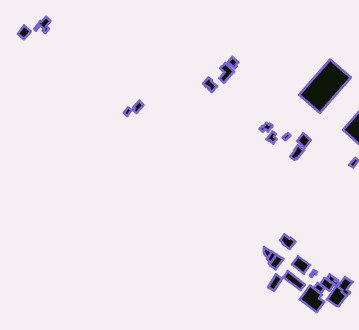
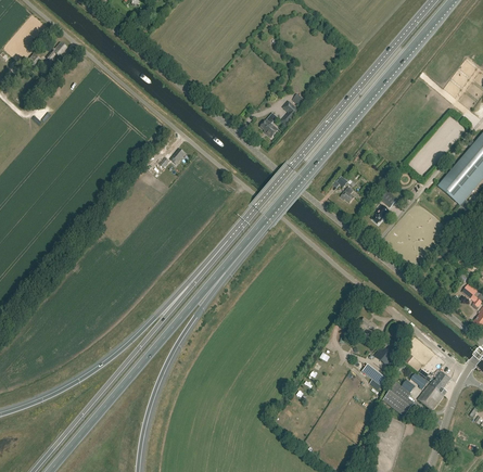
building: [299,60,351,113] -> none

